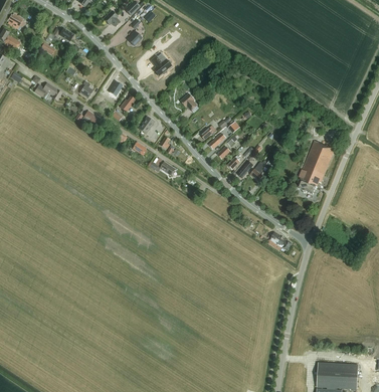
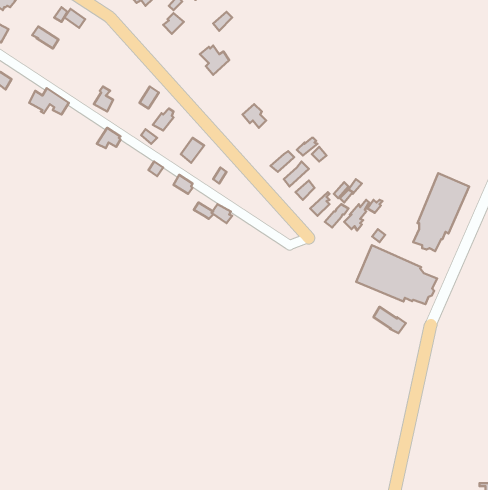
building: none -> [356,245,437,304]

